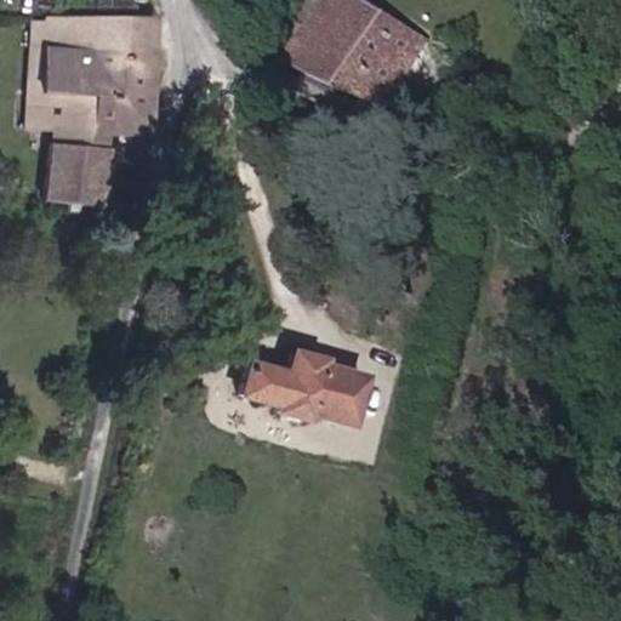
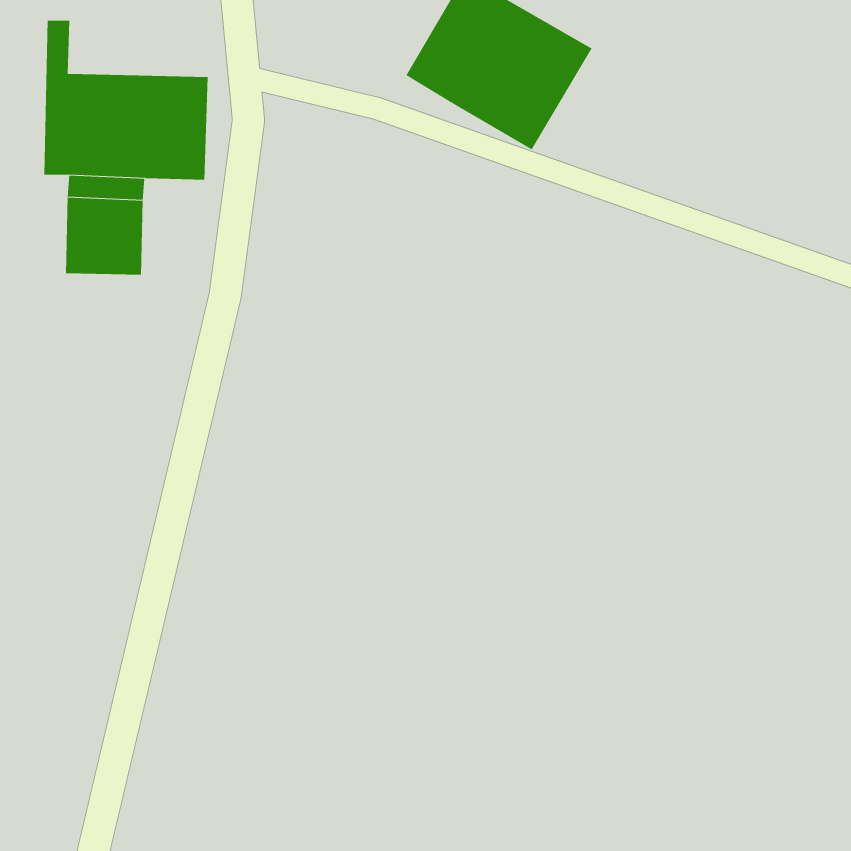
building: [51,15,154,56] -> none
building: [241,351,368,421] -> none

